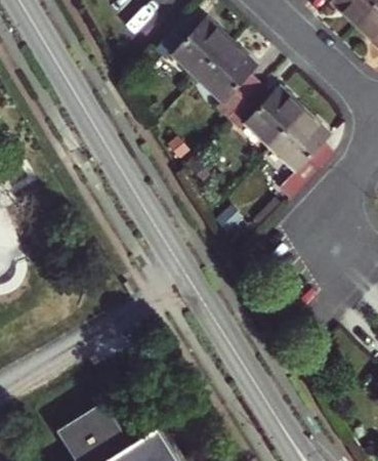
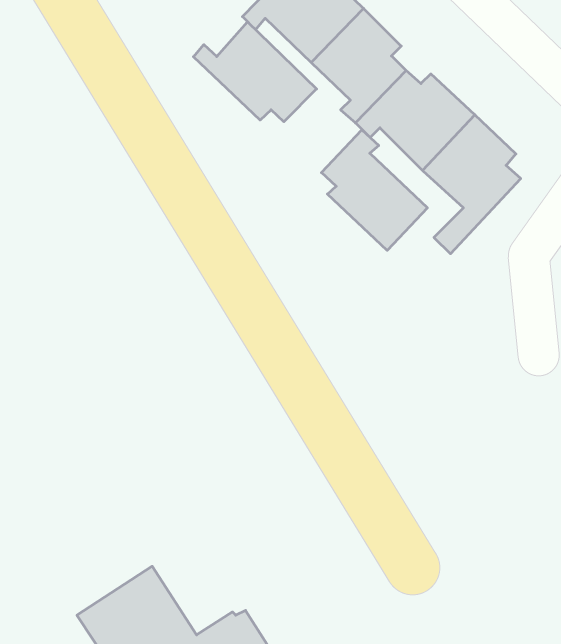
building: none -> [193,22,317,122]
building: none -> [321,130,427,250]

